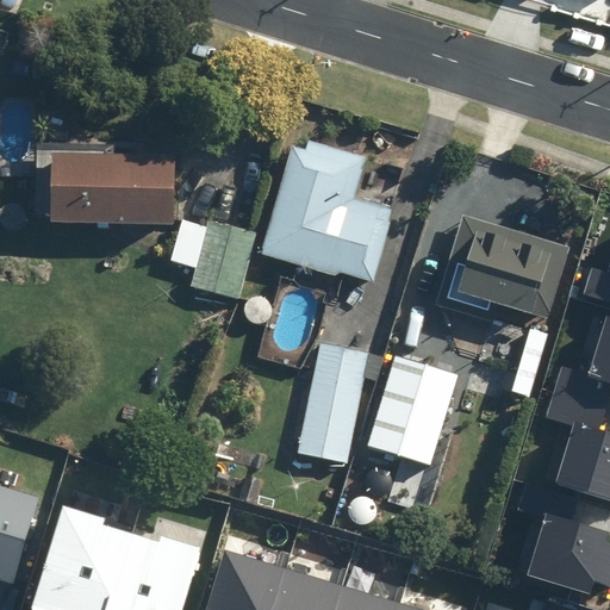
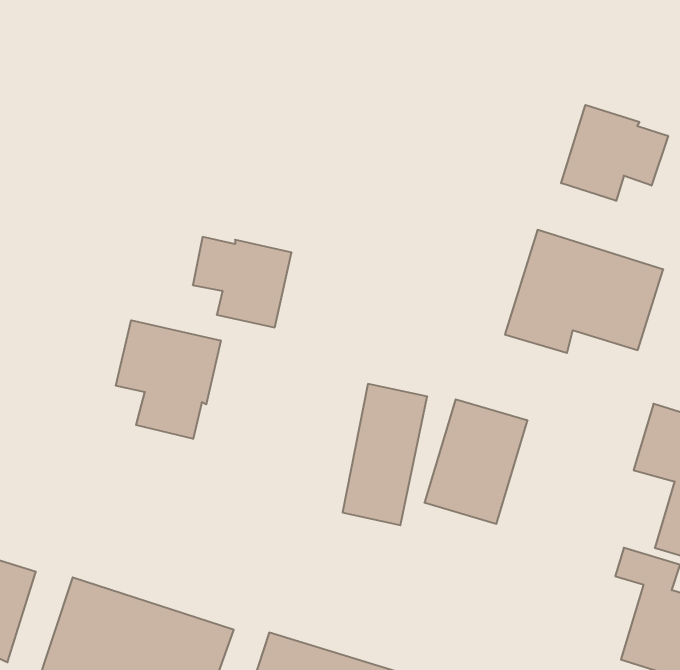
building: none -> [561,105,668,201]
building: [259,138,392,281] -> none
building: [41,149,166,219] -> none
building: none -> [116,320,221,439]

